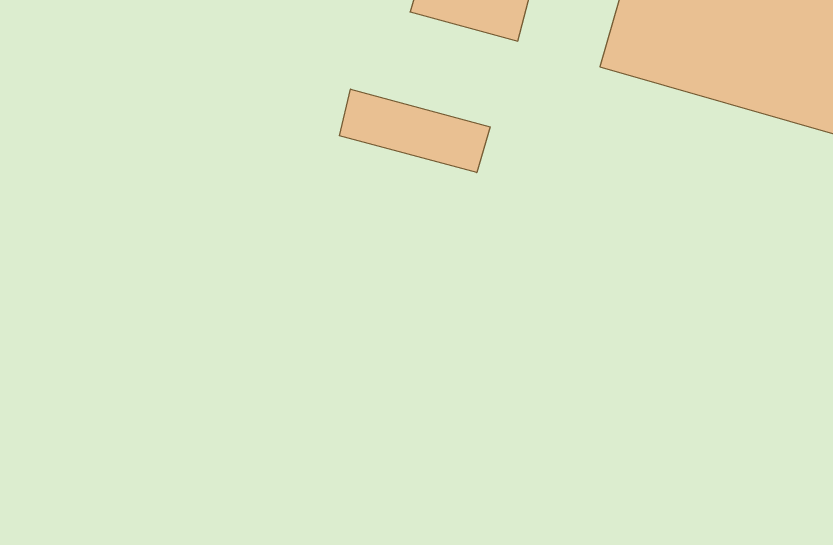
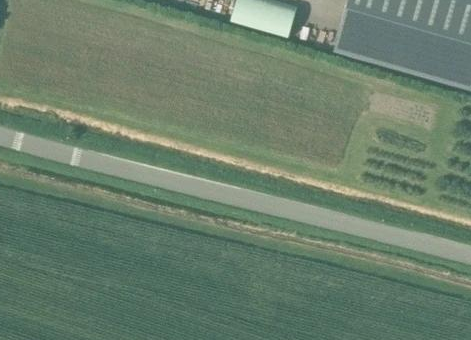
building: [339,89,490,173] -> none

